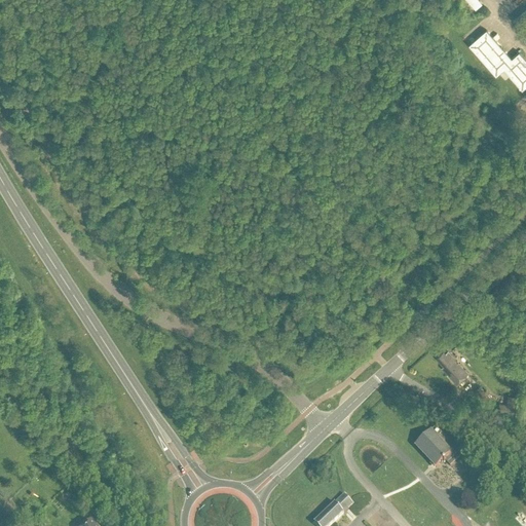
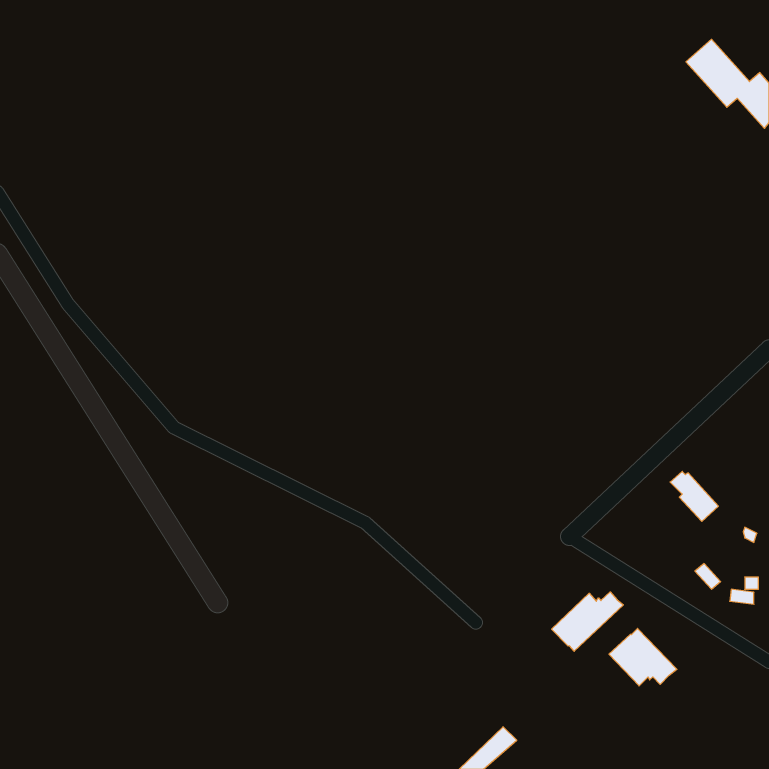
building: [434,348,466,382] -> [670,471,718,521]
building: none -> [552,592,623,651]

